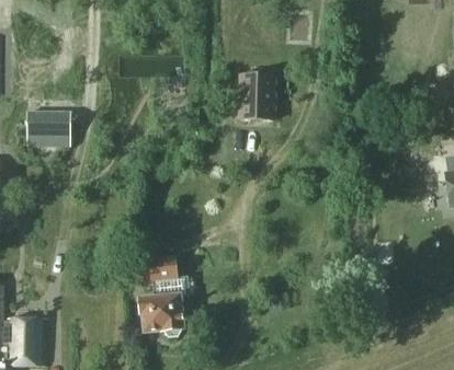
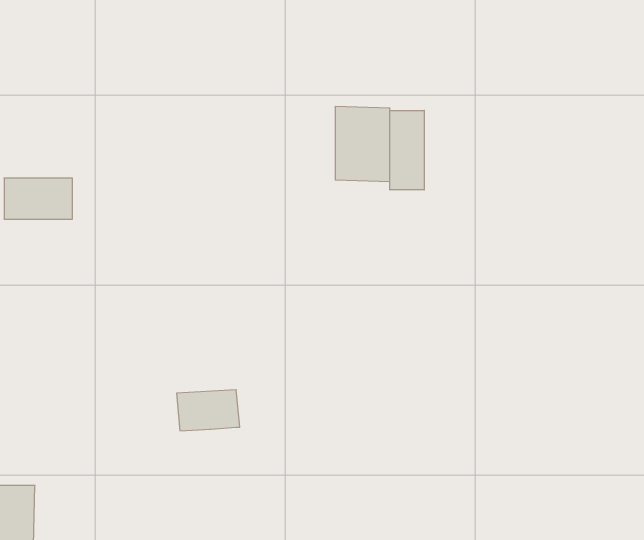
building: none -> [390,110,424,190]
building: [139,278,182,335] -> none

